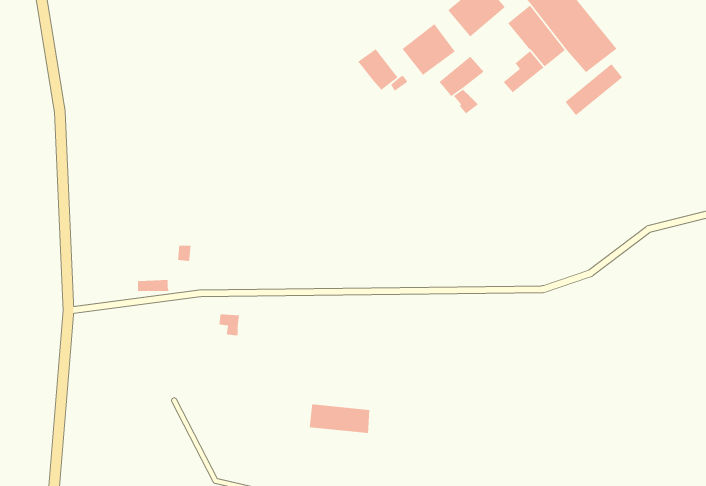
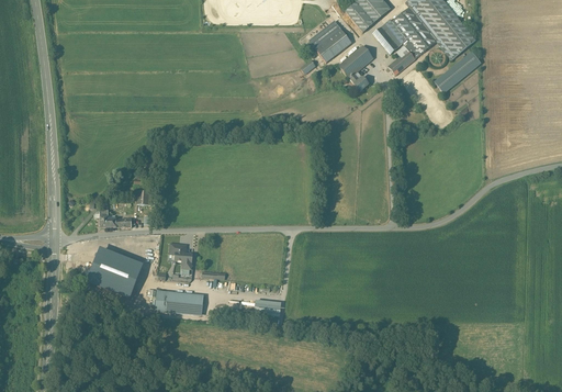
building: none -> [373,19,407,53]
building: [357,48,399,91] -> none
building: none -> [88,247,144,298]
building: [309,404,370,434] -> [156,290,203,313]

